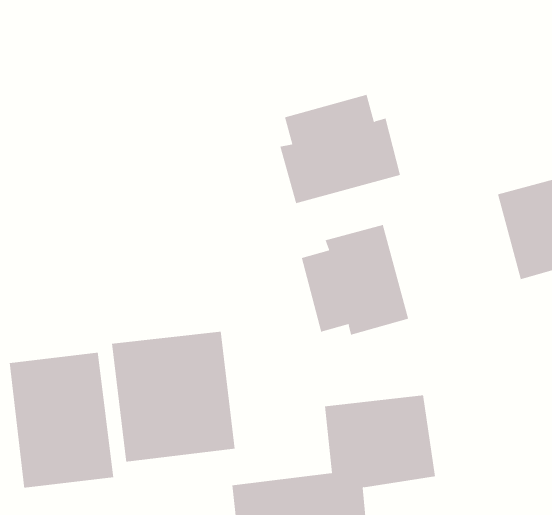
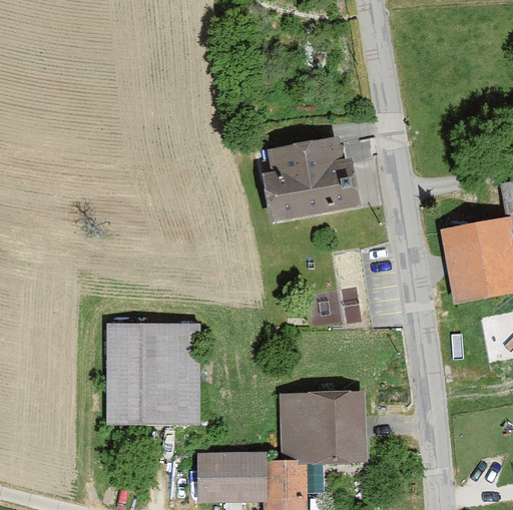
building: [301,224,409,336] -> none
building: [9,352,114,489] -> none

